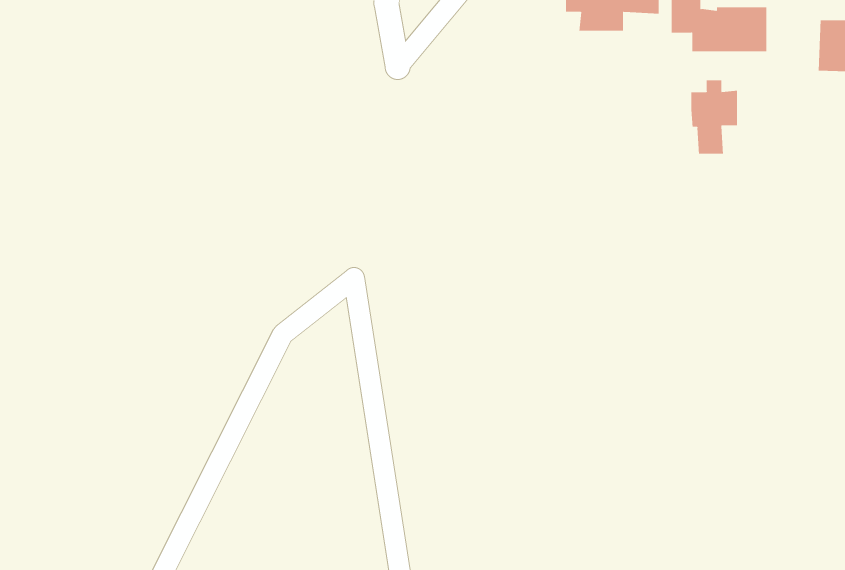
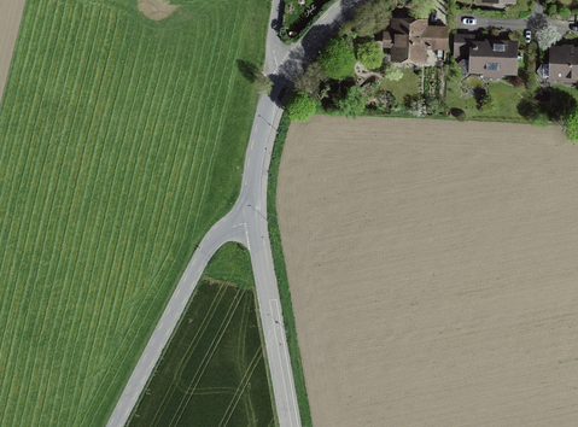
building: [691,79,737,155] -> none

